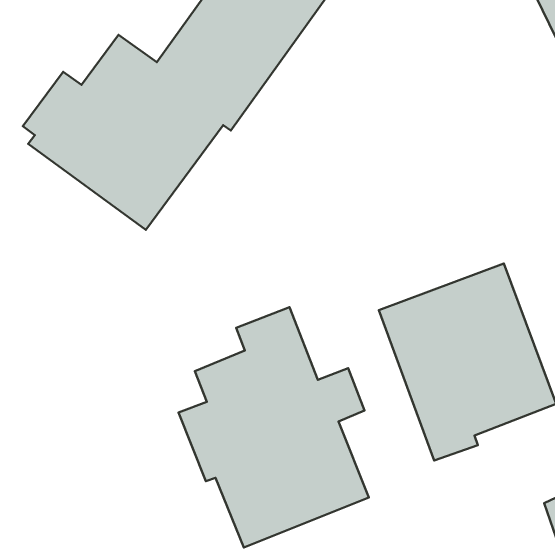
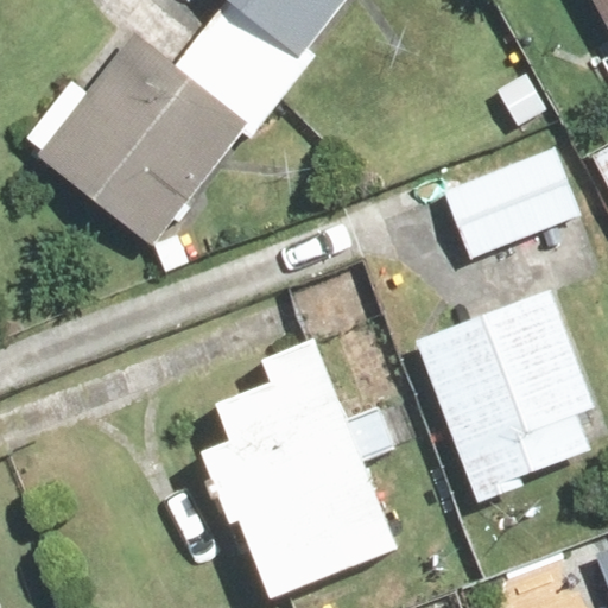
building: none -> [443,146,582,254]

